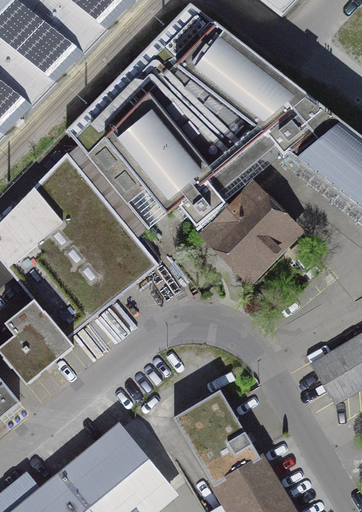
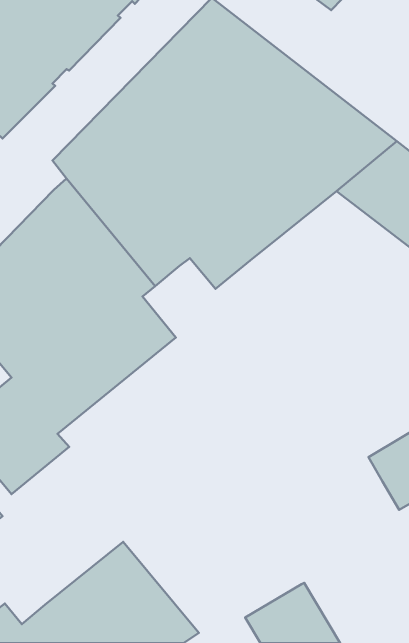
building: [197,186,297,286] -> none
building: [176,394,259,485] -> none

